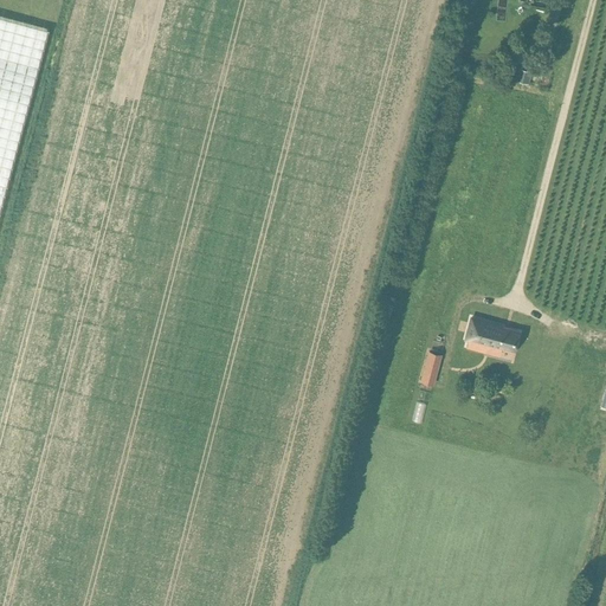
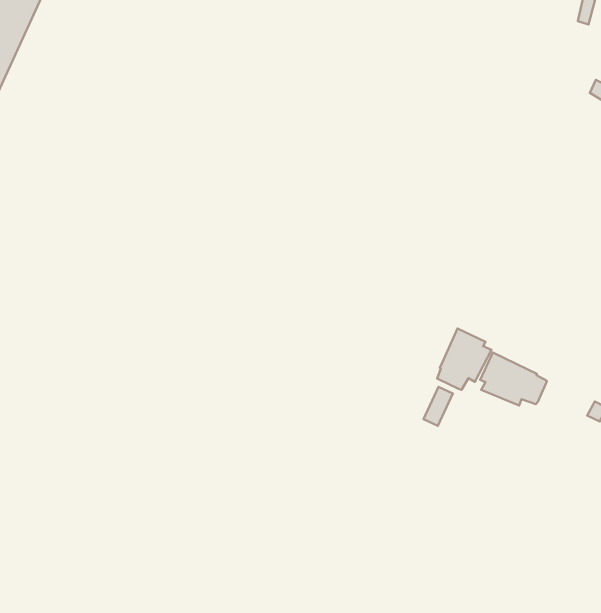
building: none -> [437,329,492,390]

